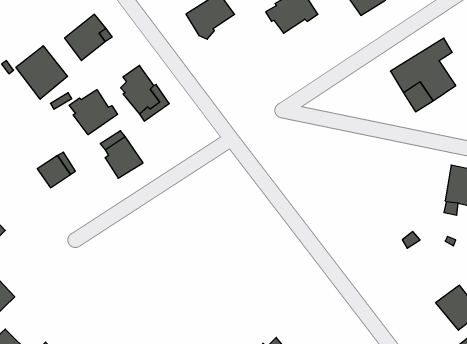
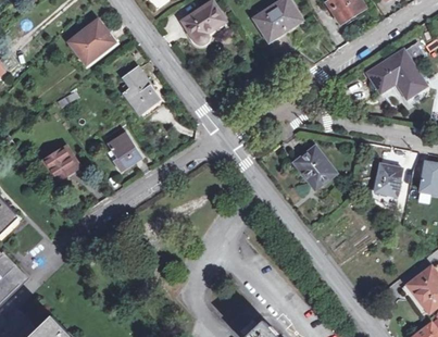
building: [16,46,68,99] -> none
building: [69,90,117,135] -> none
building: none -> [297,147,335,188]
building: none -> [374,164,402,195]

